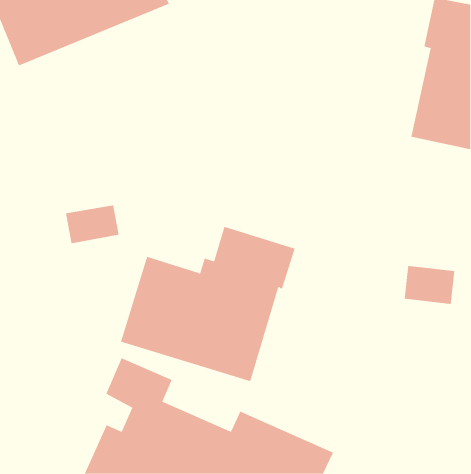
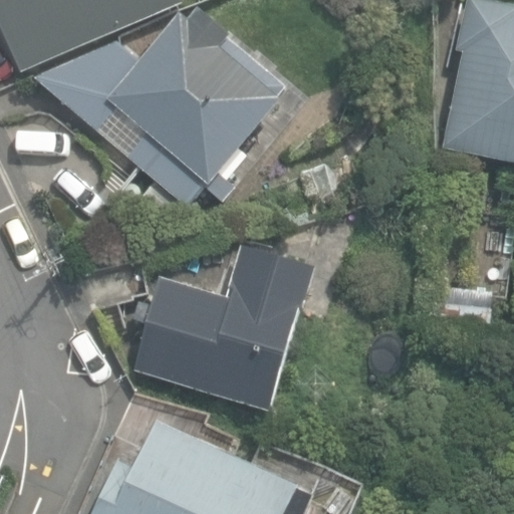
building: none -> [106,5,285,206]

